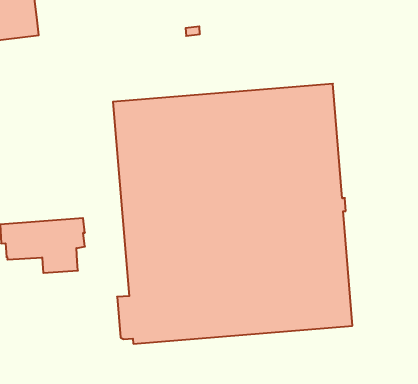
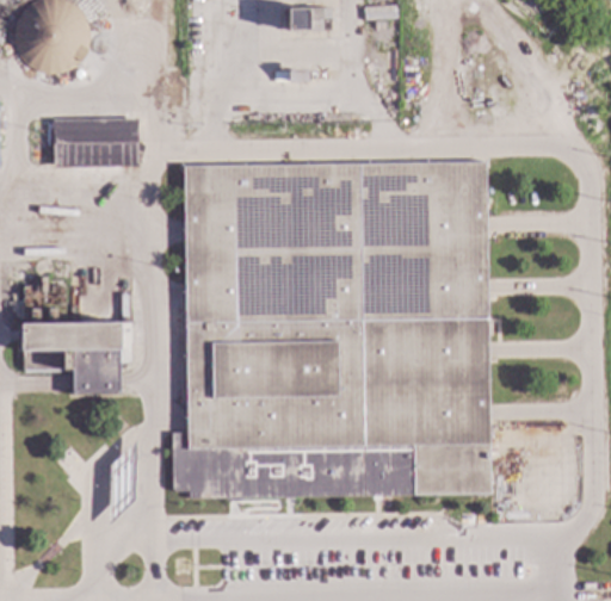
building: none -> [53,117,137,166]

